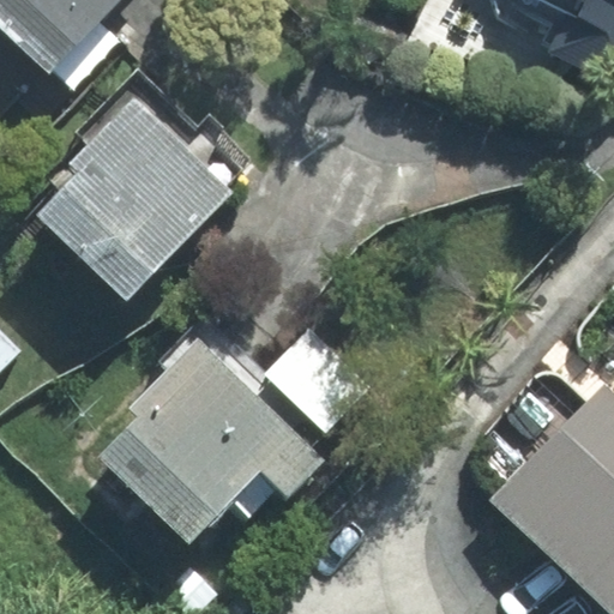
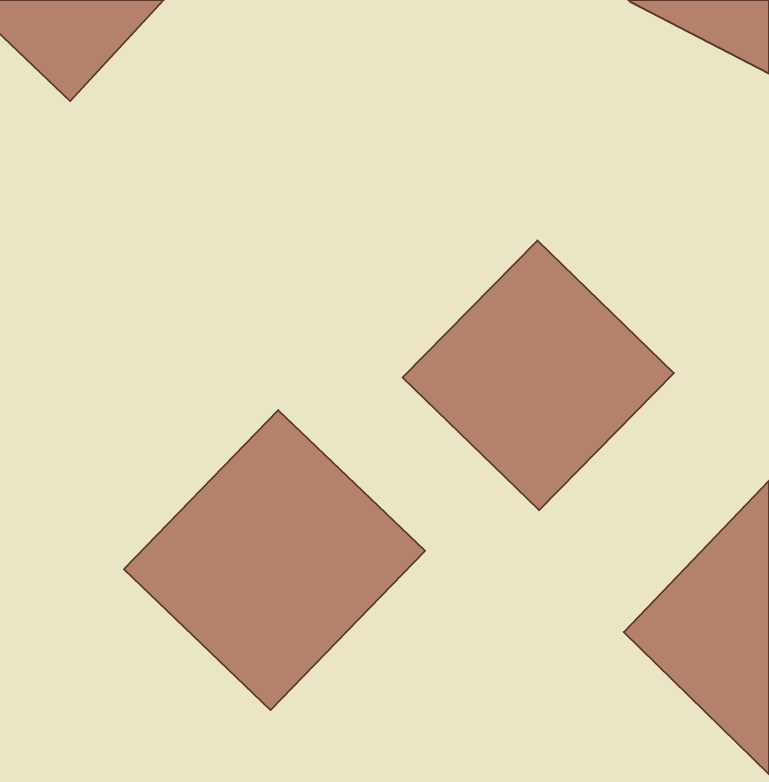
building: [30,85,249,305] -> none
building: none -> [403,240,674,510]

